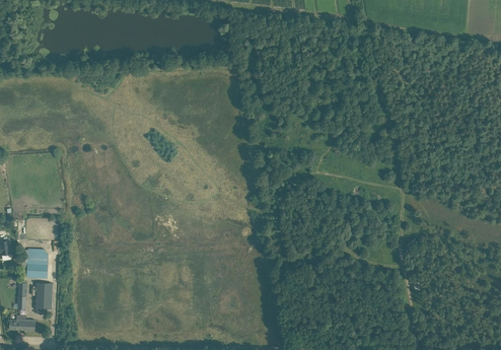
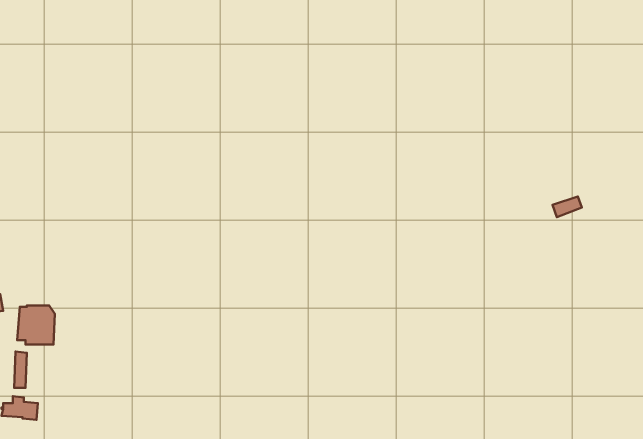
building: [35,283,53,310] -> none

